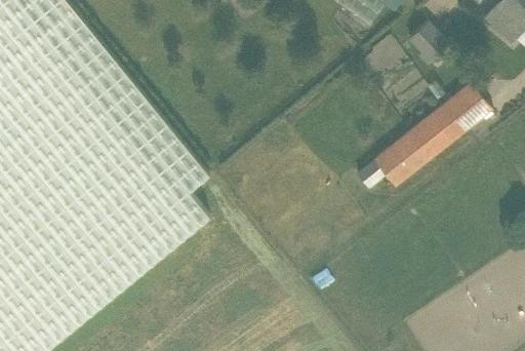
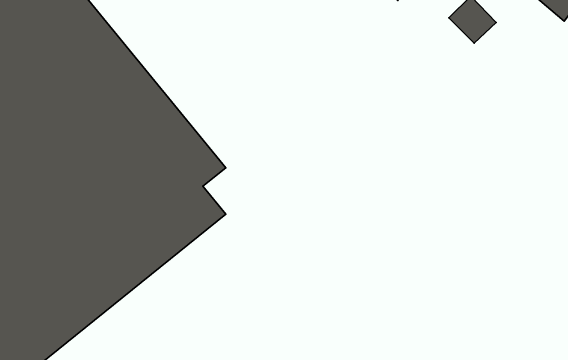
building: [357,83,492,190] -> none

